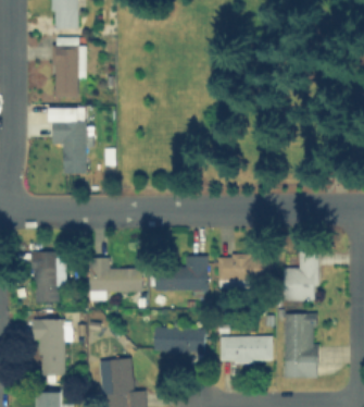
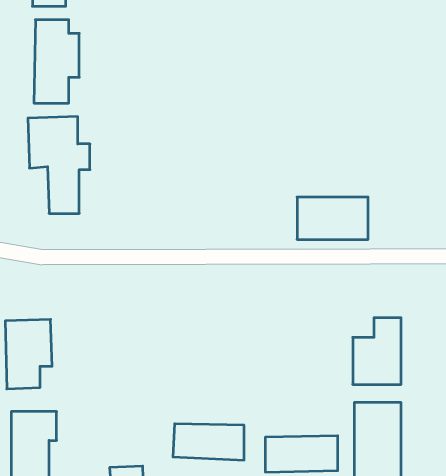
building: [218,255,269,285] -> [297,197,368,239]
building: [154,257,209,291] -> none
building: [90,258,142,299] -> none

